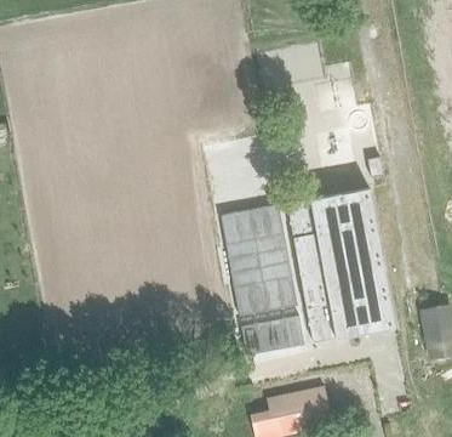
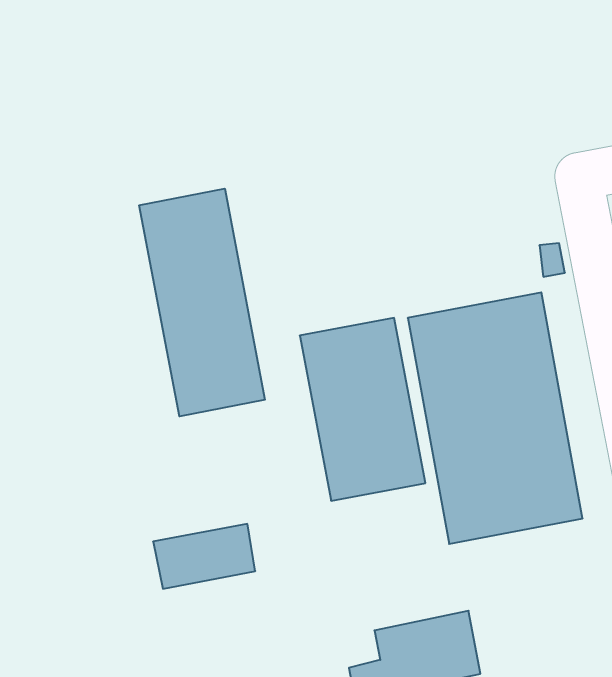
building: none -> [139,189,265,416]
building: [240,316,303,356] -> [153,524,255,589]

